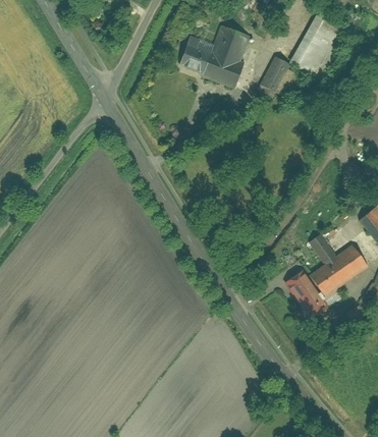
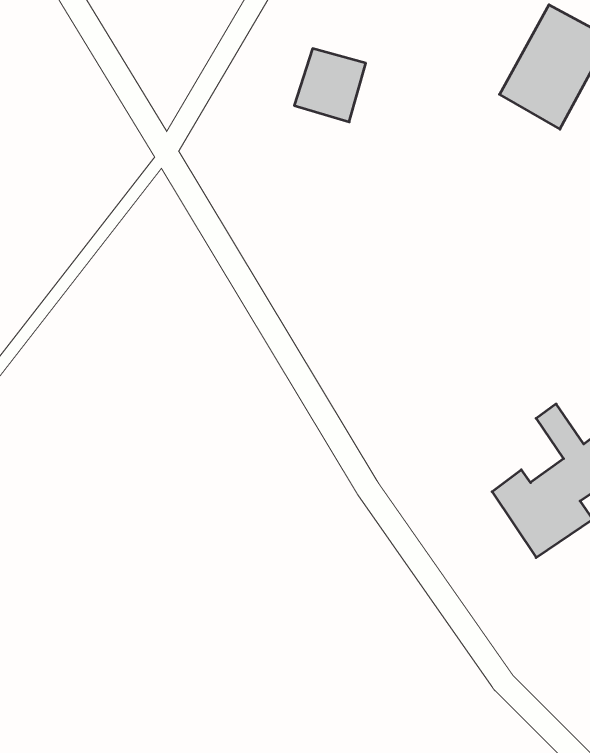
building: [206,24,251,85] -> none
building: [261,55,288,87] -> none

